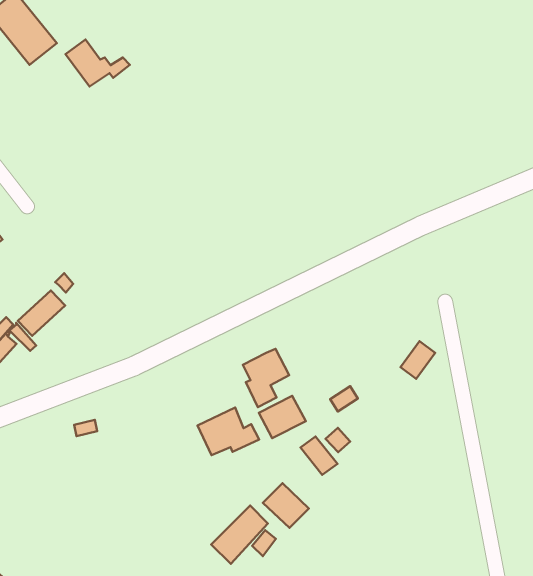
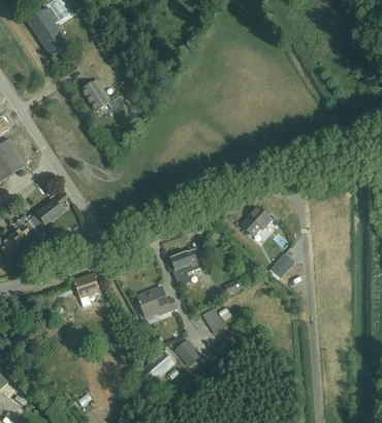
building: [66,40,130,86] -> [83,81,123,111]
building: none -> [241,206,272,236]
building: [259,396,306,438] -> none
building: none -> [74,273,100,306]

